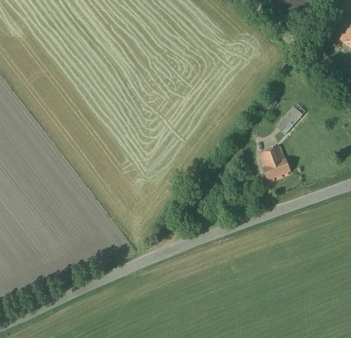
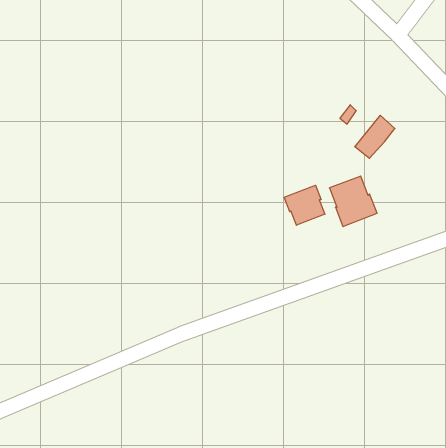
building: none -> [284,185,325,225]

